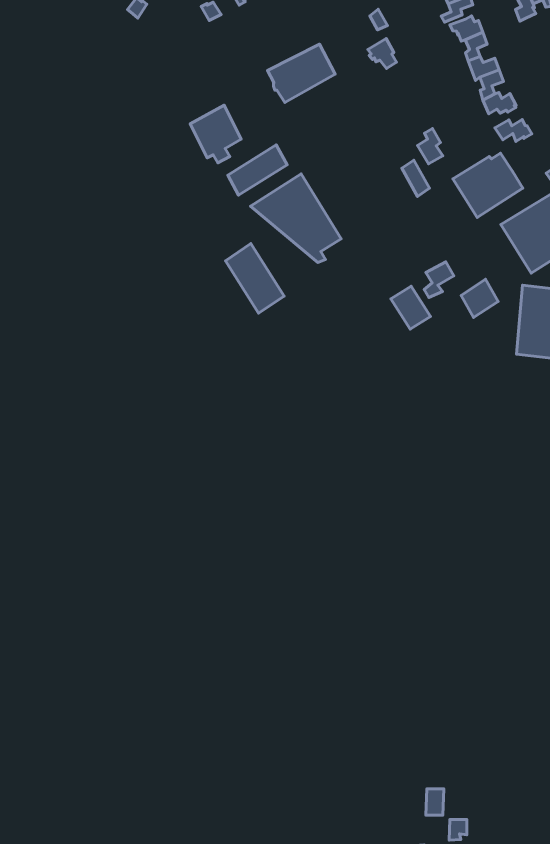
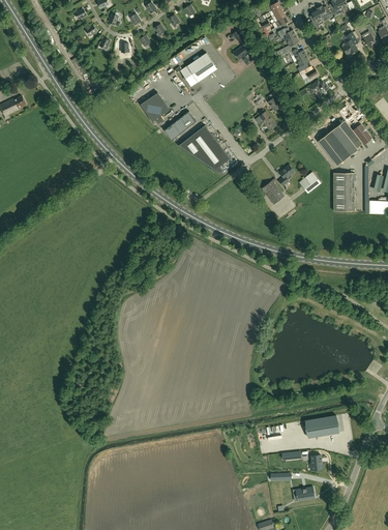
building: [453,153,523,217] -> none
building: [225,244,284,313] -> none
building: none -> [305,415,339,437]

